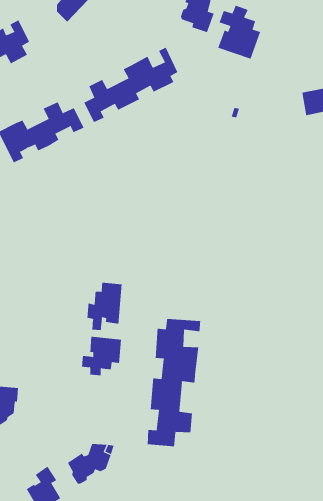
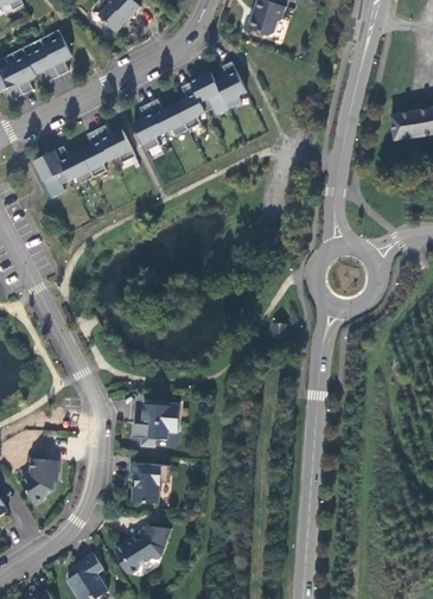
building: [218,5,261,60] -> none
building: [87,282,122,331] -> none
building: [147,318,201,447] -> none
building: none -> [129,461,170,503]

